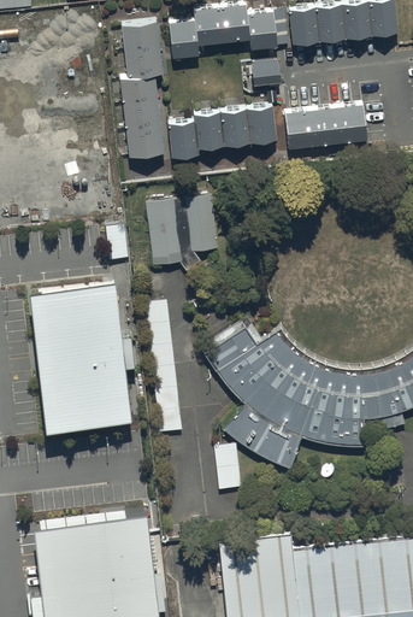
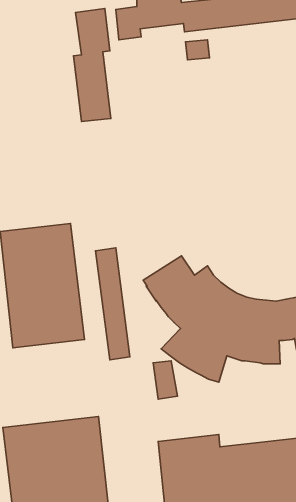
building: [284,106,366,151] -> none
building: [167,108,277,160] -> none
building: [146,196,218,275] -> none

